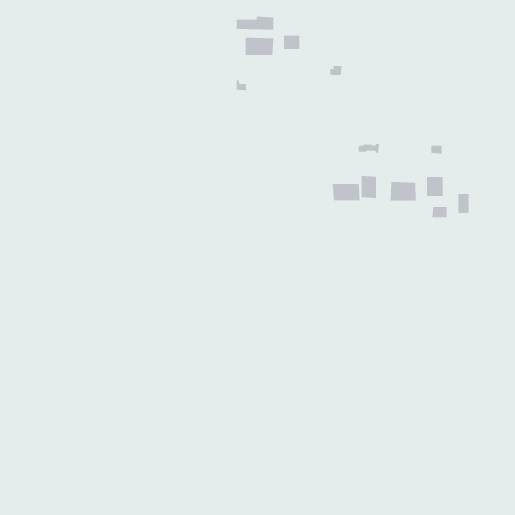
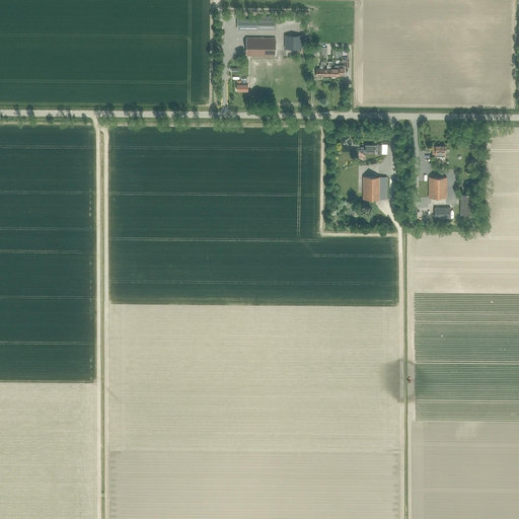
building: [390,181,416,201] -> none
building: [332,183,360,201] -> none

